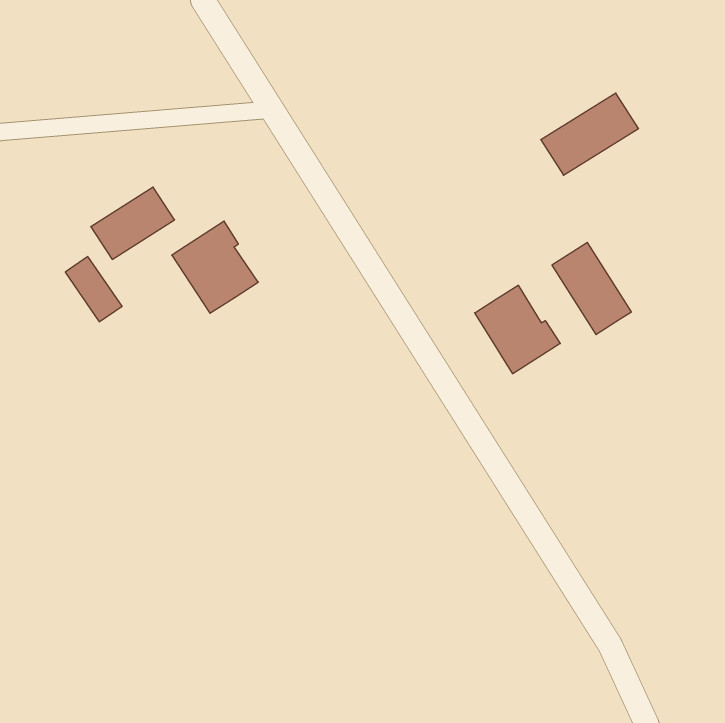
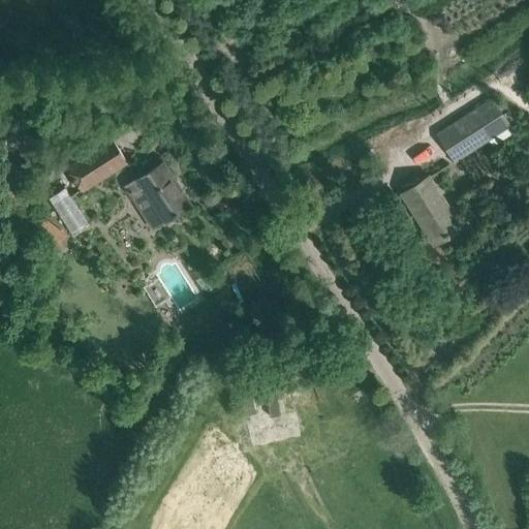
building: [541,93,639,175] -> [437,101,508,161]
building: [475,285,560,374] -> none

